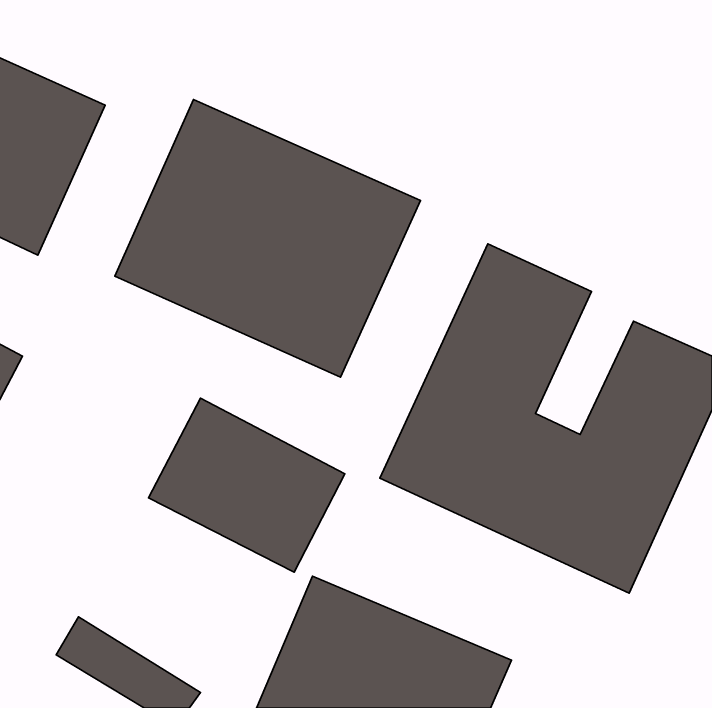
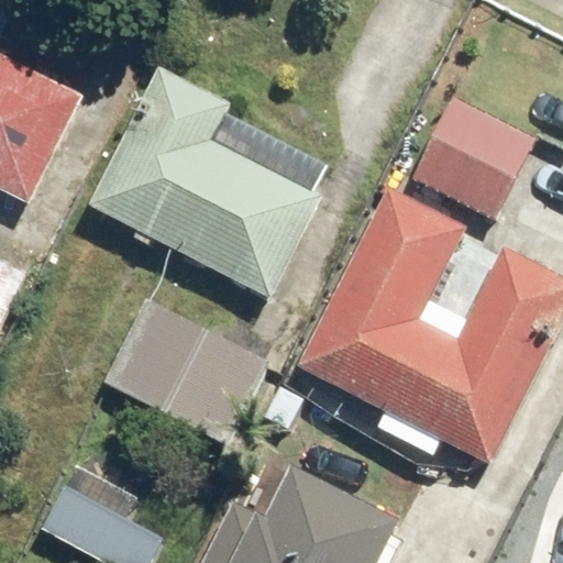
building: none -> [410,99,533,217]

